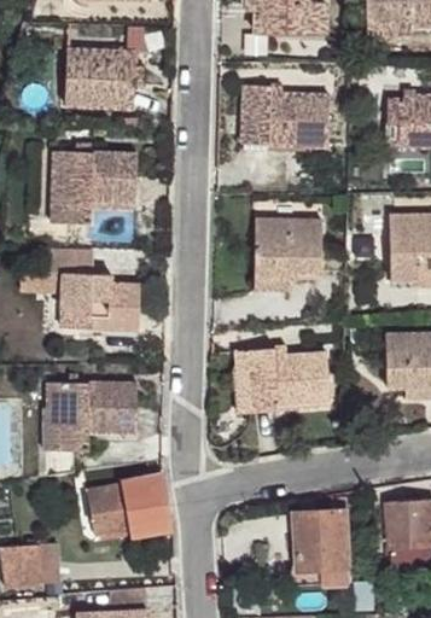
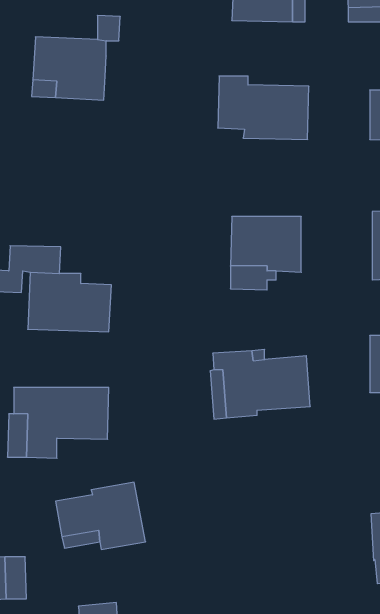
building: [49,151,136,222] -> none
building: [292,499,351,587] -> none

